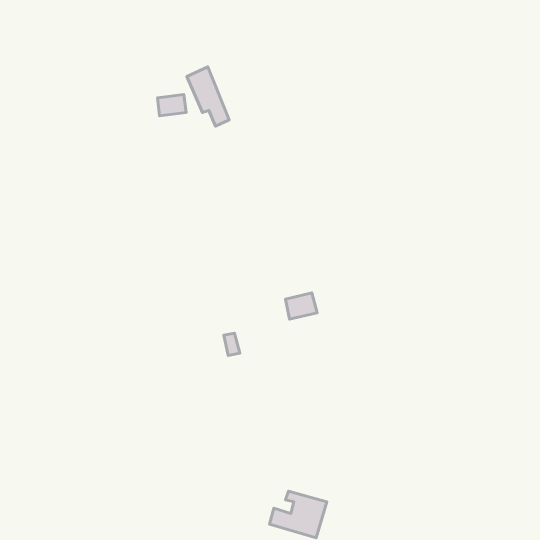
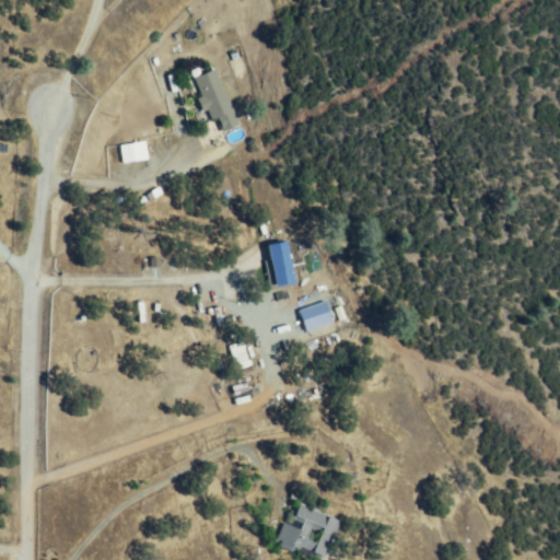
building: [157,95,186,116] -> [116,140,145,162]
building: none -> [269,243,294,285]

